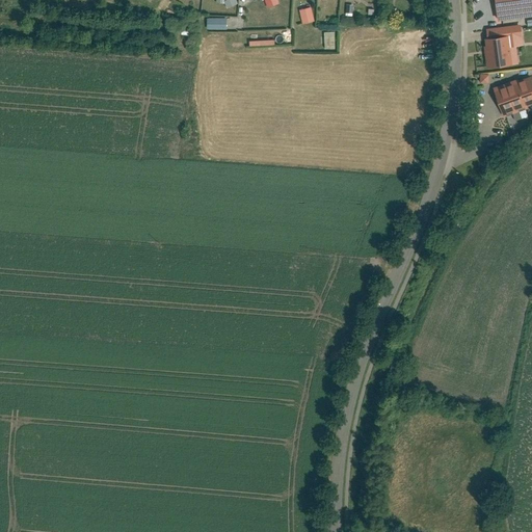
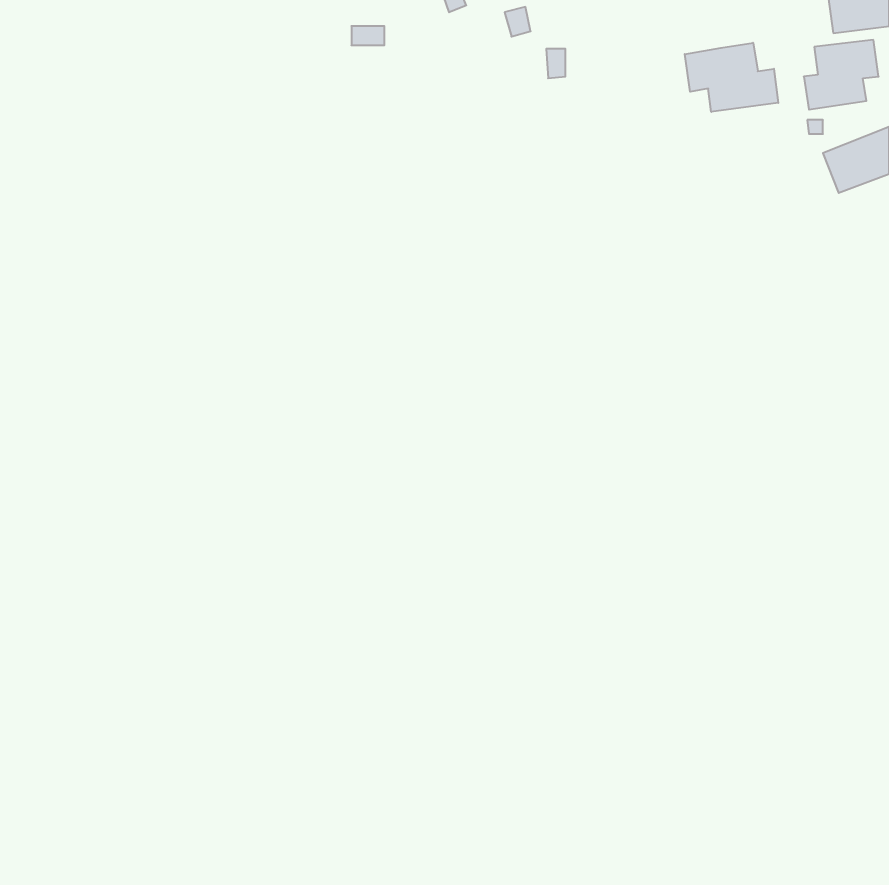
building: none -> [685,43,778,112]

